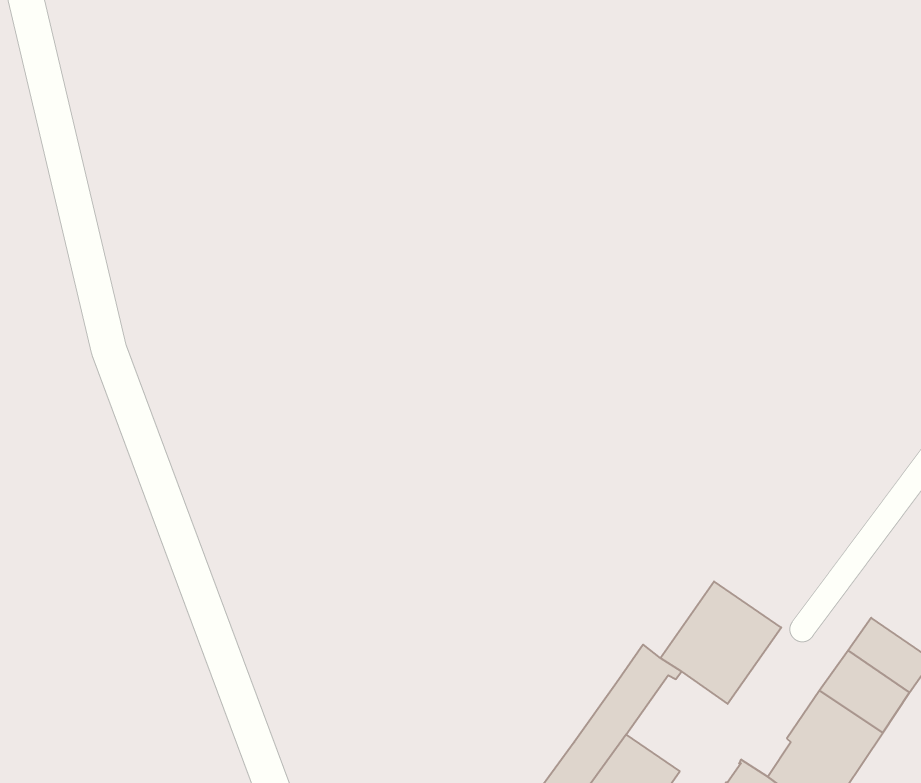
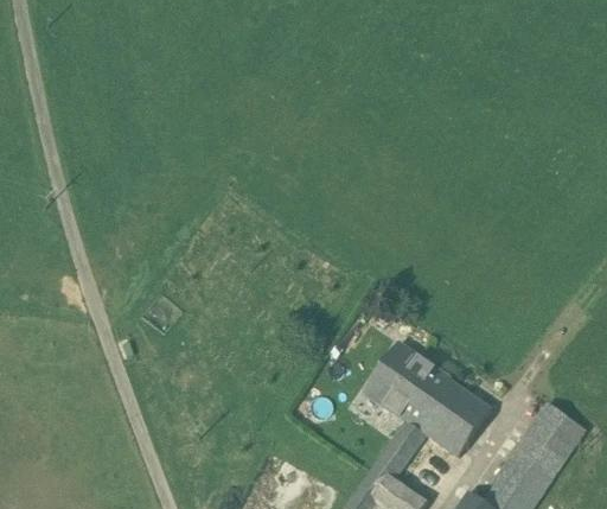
building: none -> [364,342,451,427]

